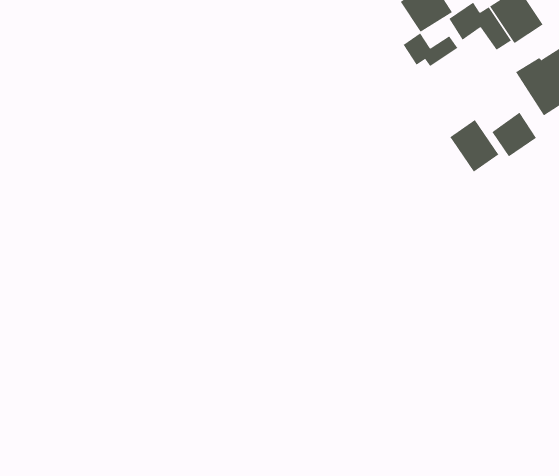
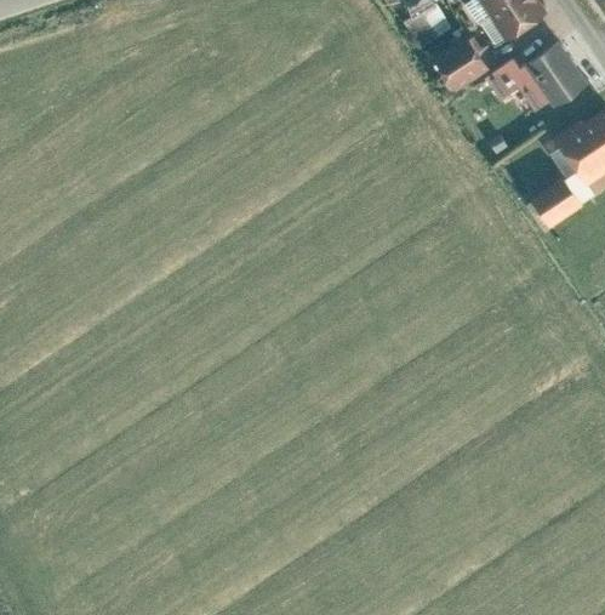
building: [403,32,458,67] -> none
building: [449,119,499,172] -> none

